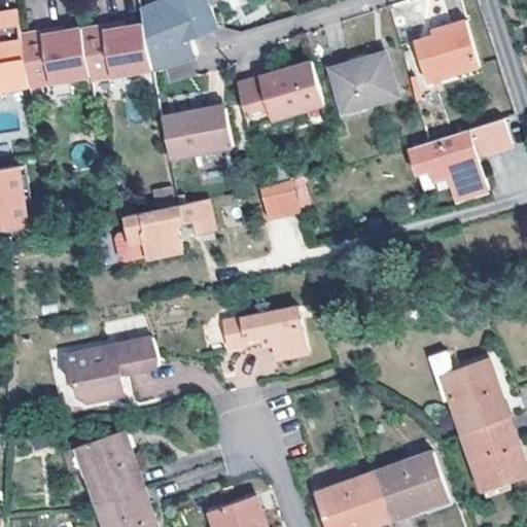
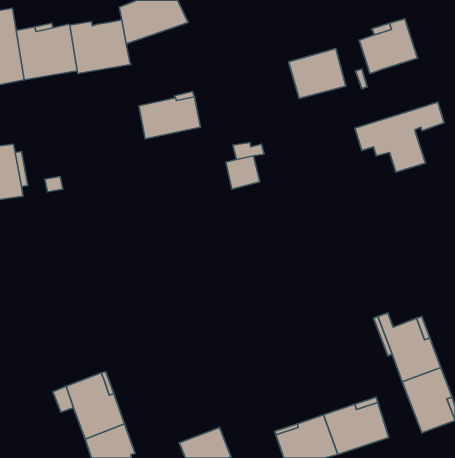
building: [145,37,192,71] -> none
building: [236,62,323,125] -> none
building: [112,198,212,259] -> none
building: [221,306,306,356] -> none
building: [59,332,154,394] -> none

